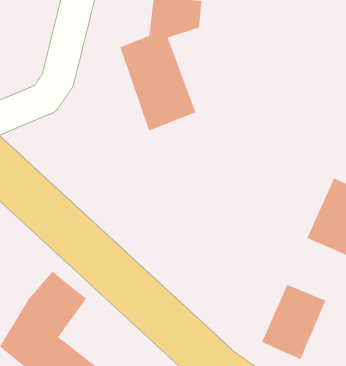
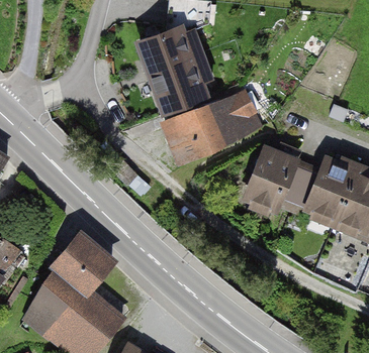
building: none -> [164,93,261,162]
building: [261,284,326,360] -> [241,146,297,212]

